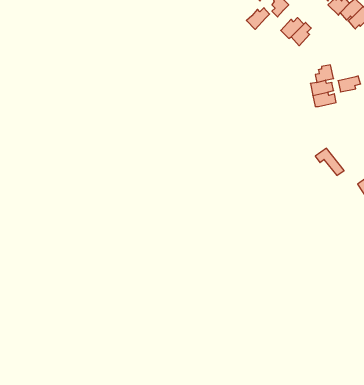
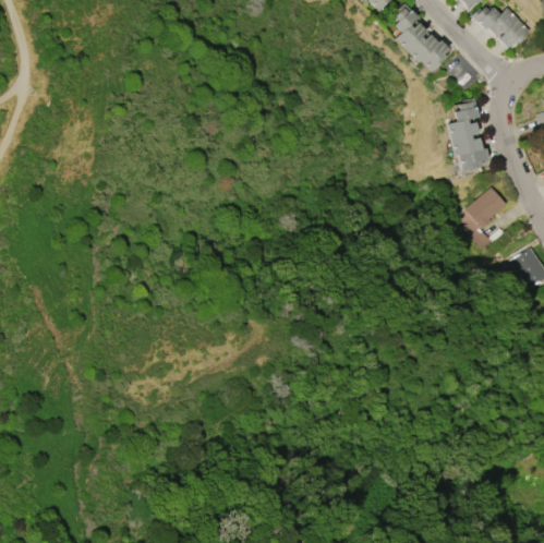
building: [246,8,270,29] -> [395,22,426,51]
building: [338,76,361,92] -> [458,148,488,170]
building: none -> [467,186,506,228]

